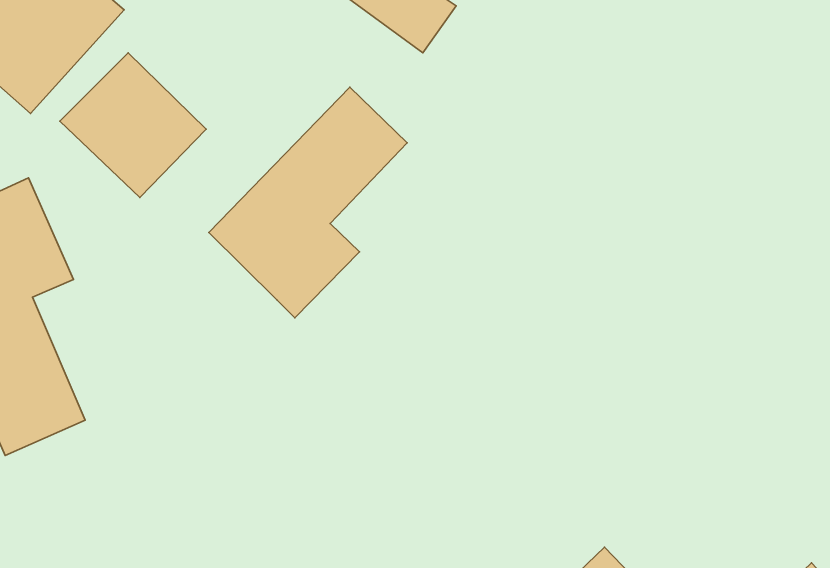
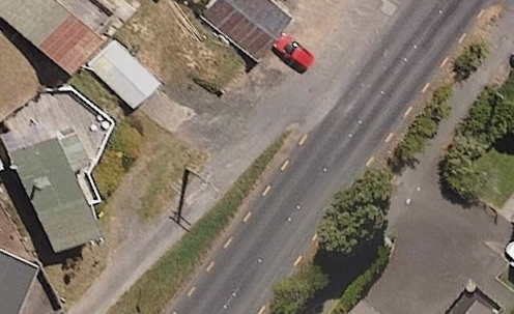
building: [209,87,407,318] -> none

